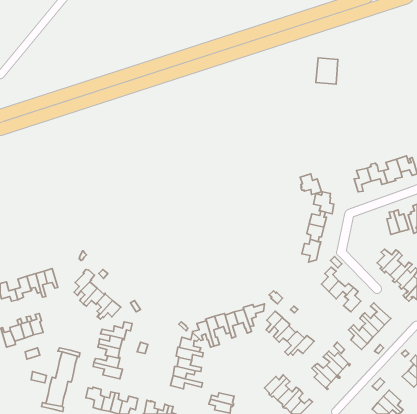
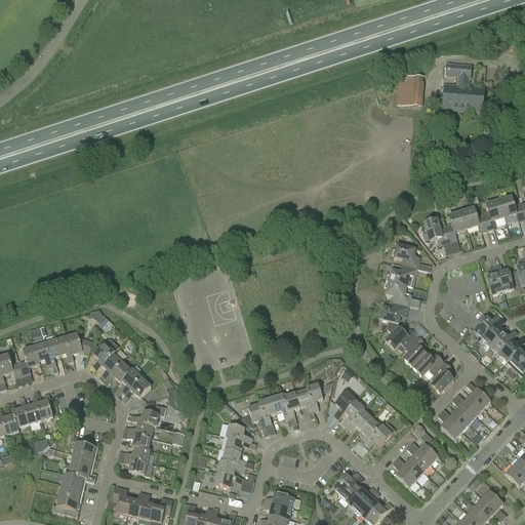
building: none -> [443,63,484,111]
building: [300,174,321,194] -> [423,218,450,244]
building: none -> [386,326,416,349]
building: none -> [66,334,94,361]

